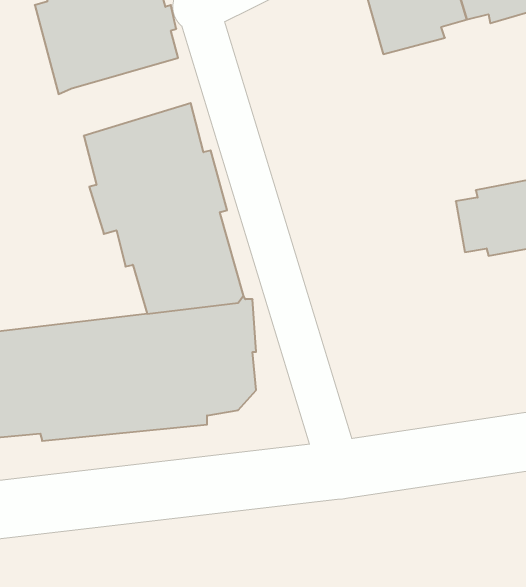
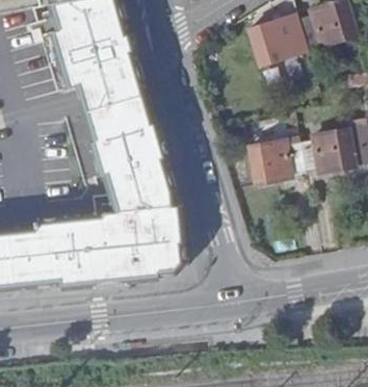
building: none -> [76,63,144,108]
building: none -> [246,144,301,188]

